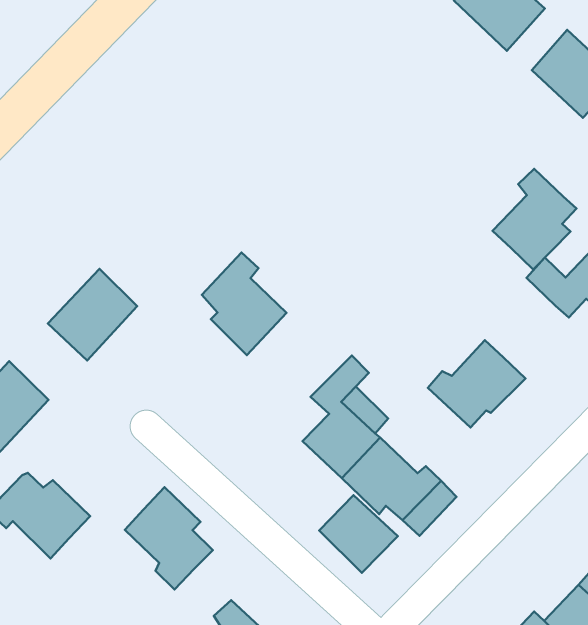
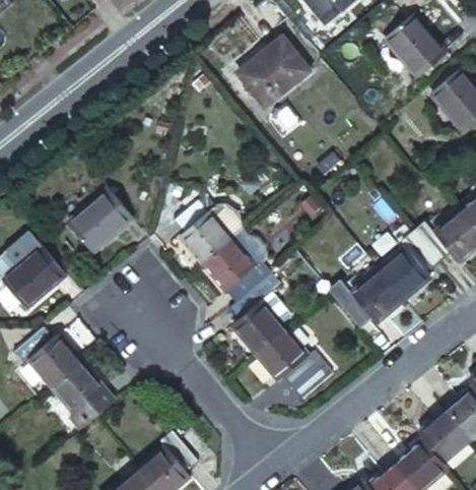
building: none -> [243,38,309,102]
building: [493,169,577,269] -> [366,237,425,305]
building: none -> [204,240,275,299]
building: [125,487,213,589] -> [54,361,112,431]
building: [319,495,398,573] -> none

